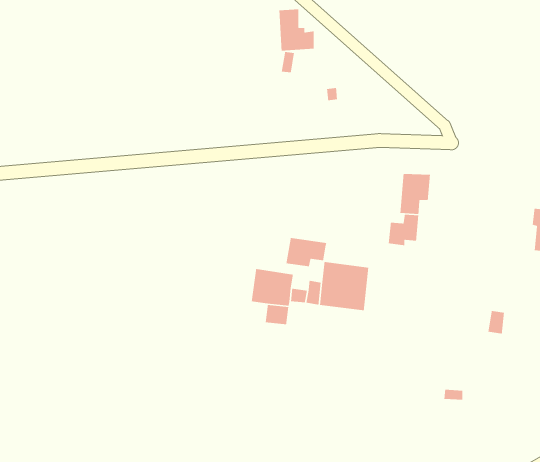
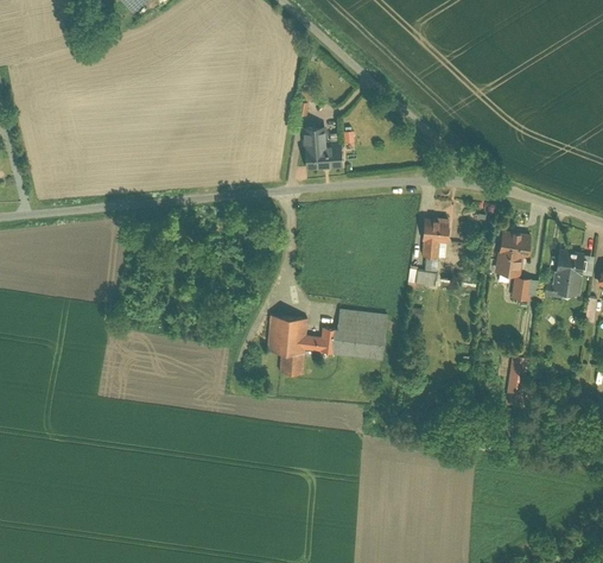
building: [278,9,314,51] -> [304,125,341,169]
building: none -> [493,229,533,301]
building: [285,237,327,267] -> none

